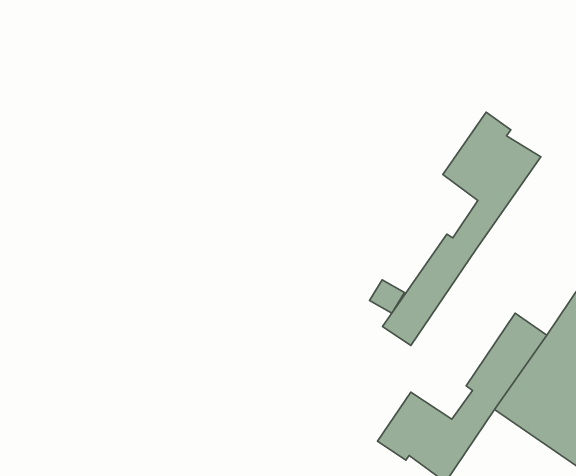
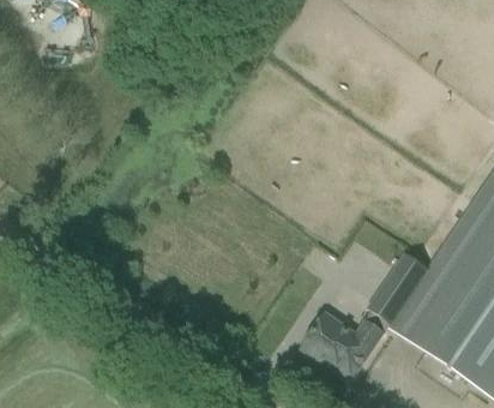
building: [382,112,541,345] -> none

